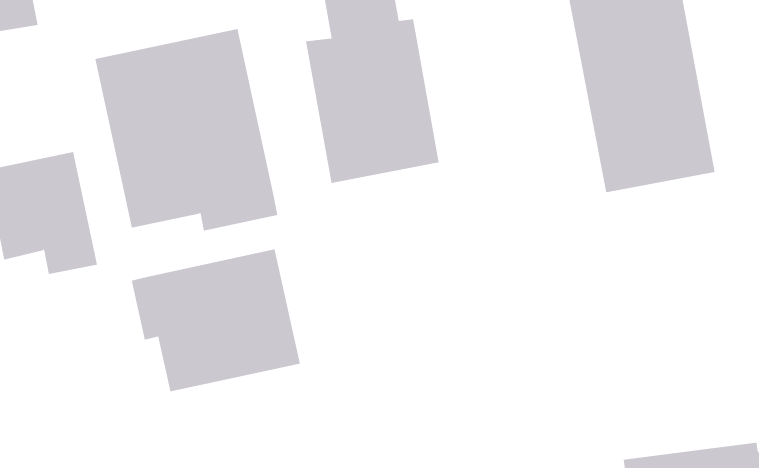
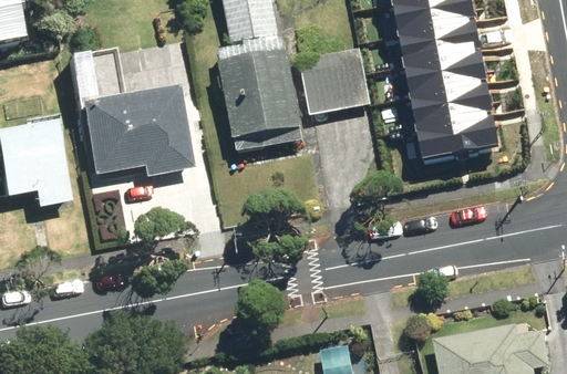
building: none -> [300,48,372,120]
building: [131,249,301,392] -> none

